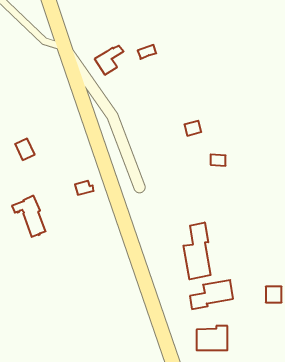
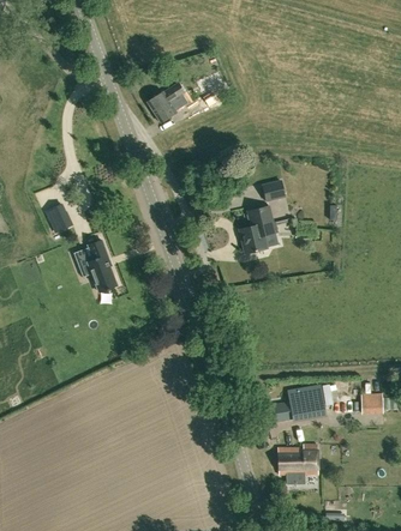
building: none -> [240,206,277,253]
building: [12,196,46,237] -> [73,240,116,292]
building: [183,222,211,279] -> none

